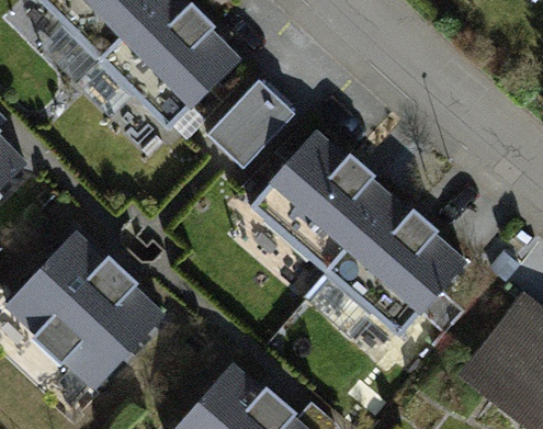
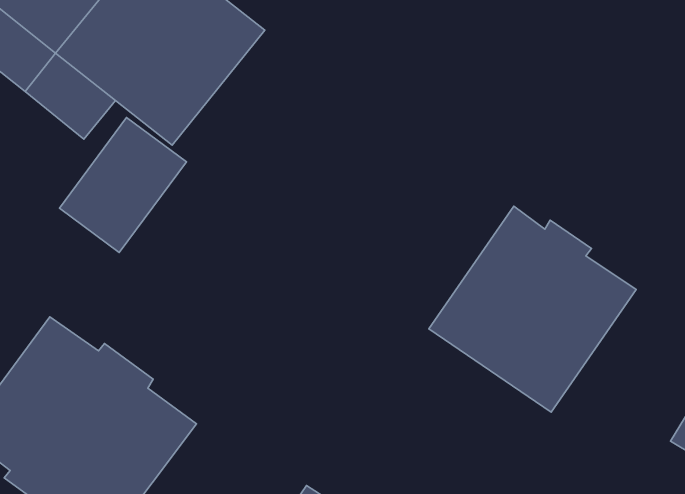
building: [207,78,295,167] -> [59,118,186,253]
building: [250,131,391,270] -> none

